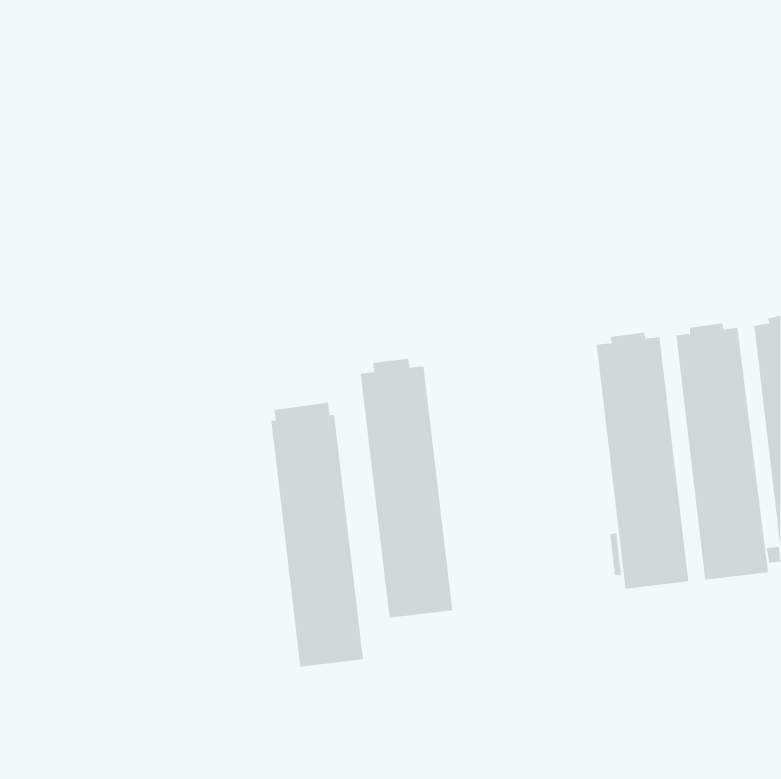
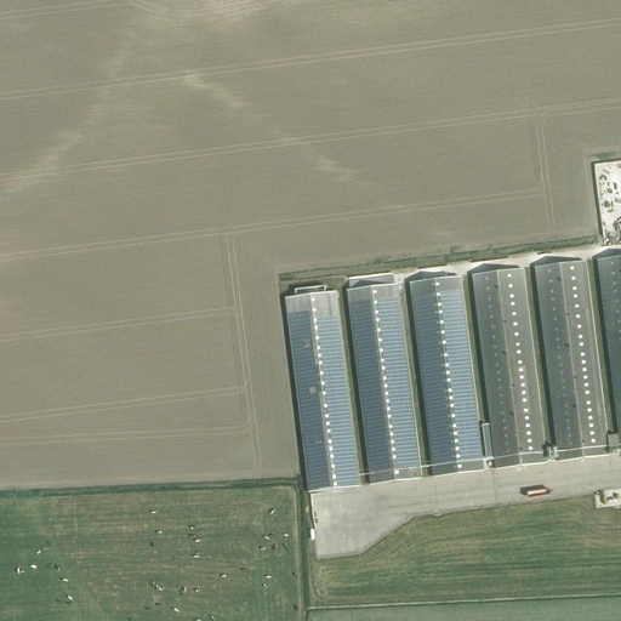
building: none -> [409,269,484,475]
building: [270,402,364,667] -> [347,273,421,483]

